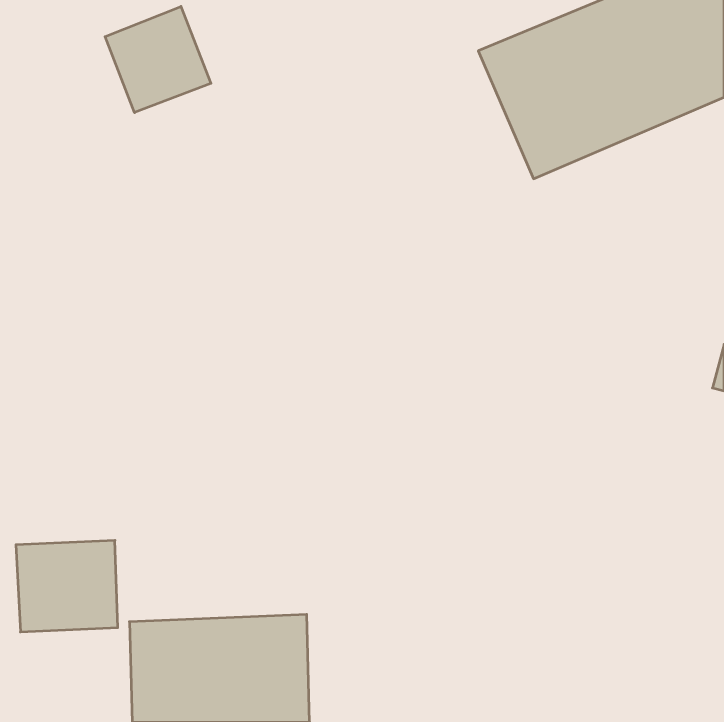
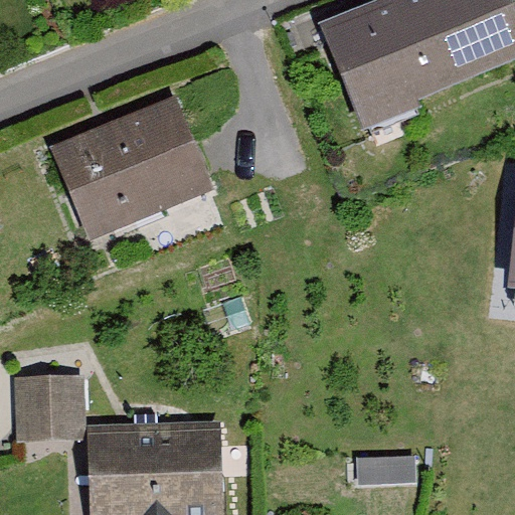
building: [105,6,211,113] -> none
building: none -> [50,99,213,238]

